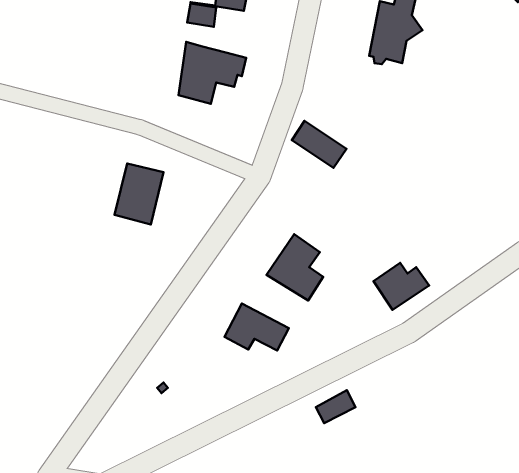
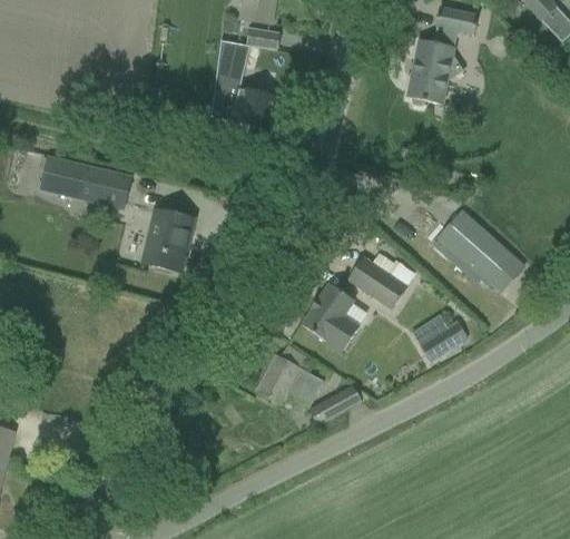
building: none -> [38,155,132,209]
building: [292,121,346,168] -> [348,256,405,305]
building: none -> [439,210,513,282]
building: [316,390,355,423] -> [307,389,348,423]

